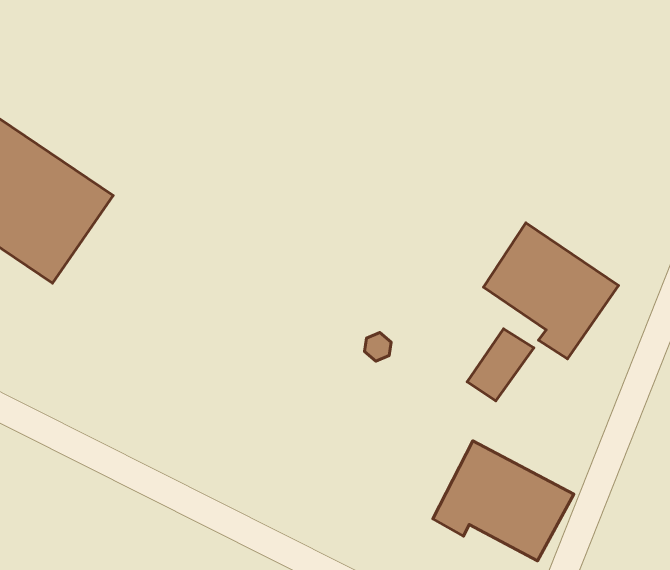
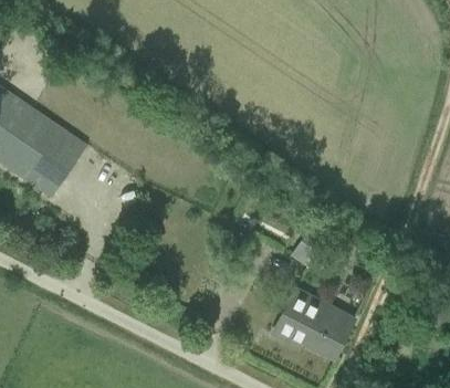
building: [483,223,618,359] -> none

